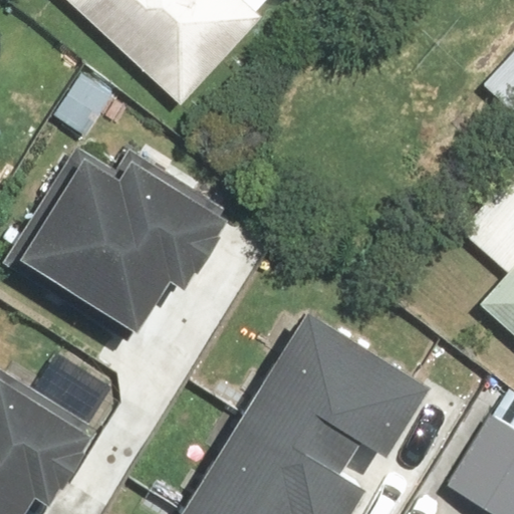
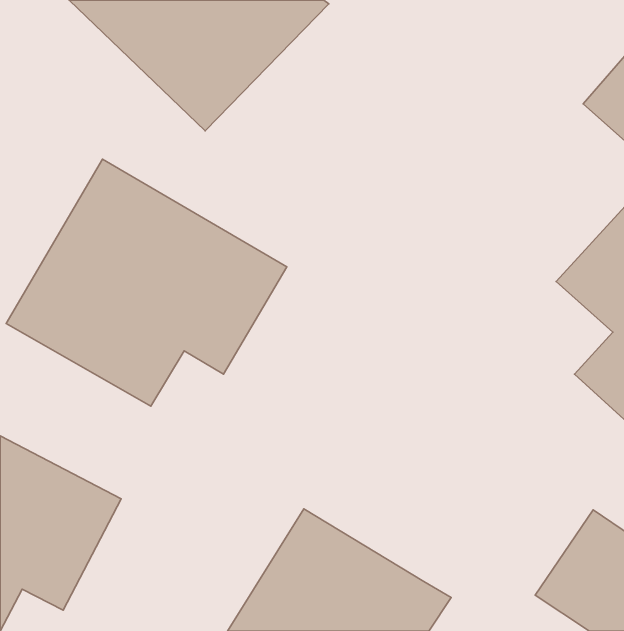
building: [253,312,432,473] -> none

